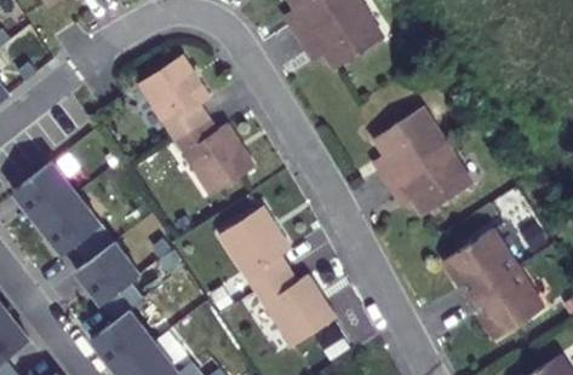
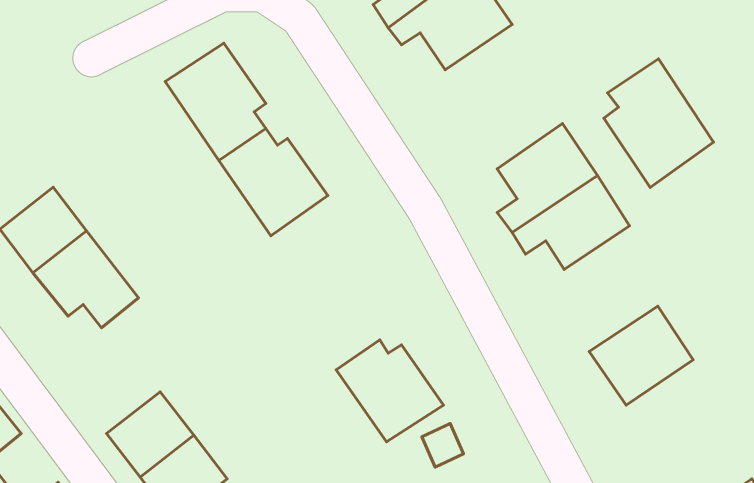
building: none -> [604,59,714,188]
building: [219,204,290,289] -> none
building: [78,237,141,300] -> none
building: [468,282,542,352] -> none

